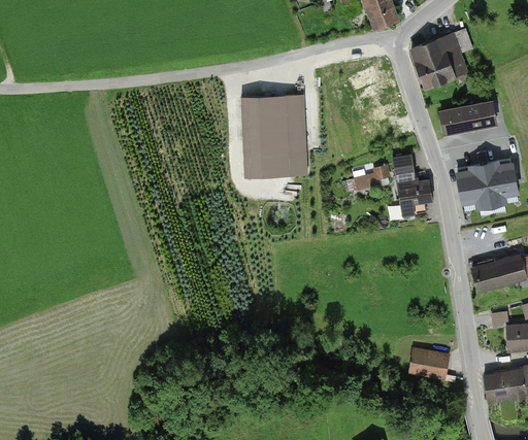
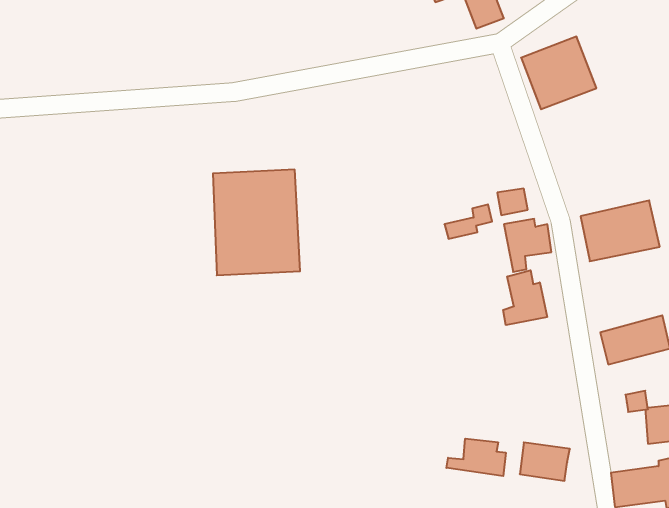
building: [240,94,308,176] -> [213,170,300,275]
building: [440,100,498,135] -> none
building: none -> [503,270,547,325]
building: none -> [446,439,506,476]

